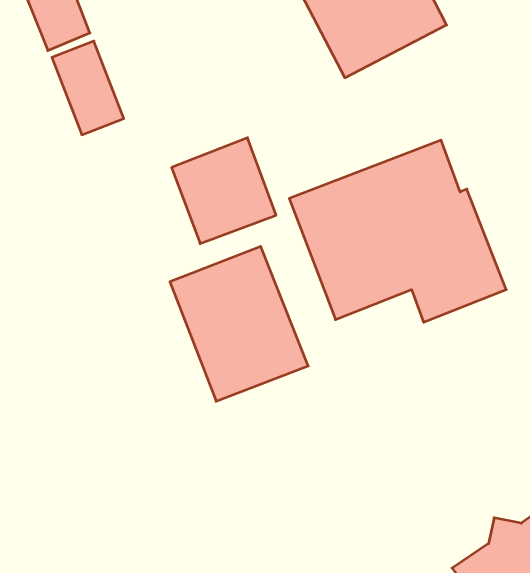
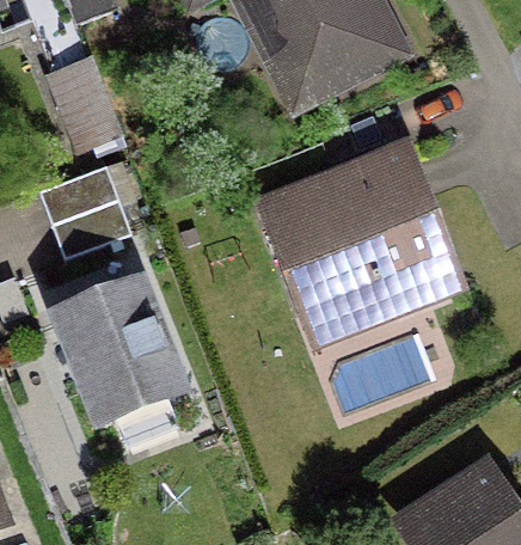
building: [172,138,276,244] -> [39,167,131,261]
building: [170,246,308,401] -> [59,287,180,423]

